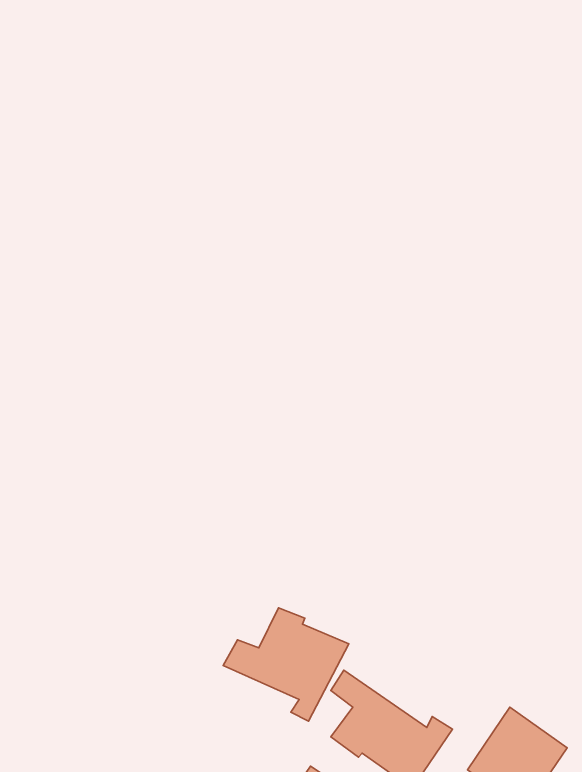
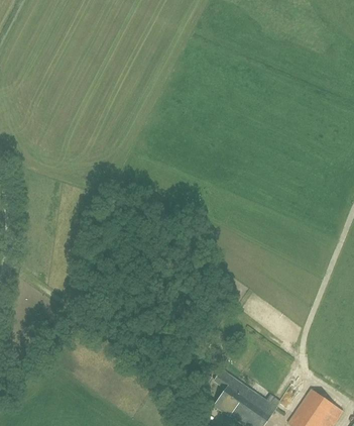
building: [223,608,349,721] -> none

